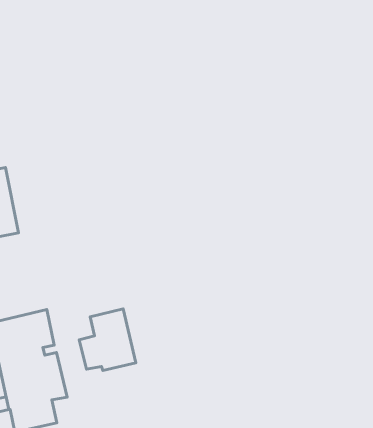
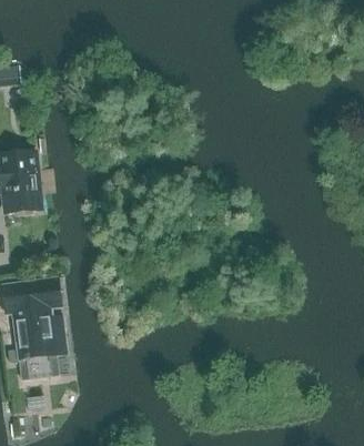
building: [79,309,136,371] -> none

